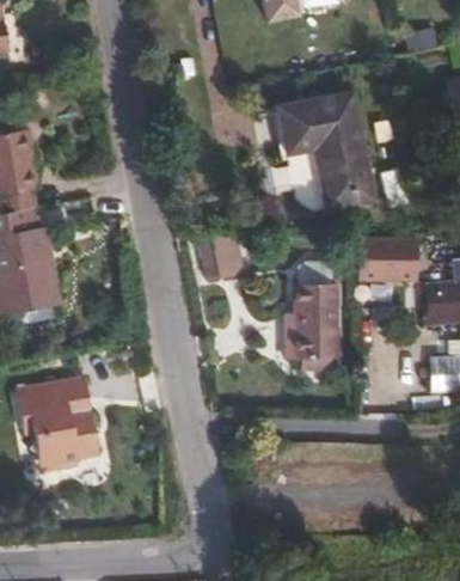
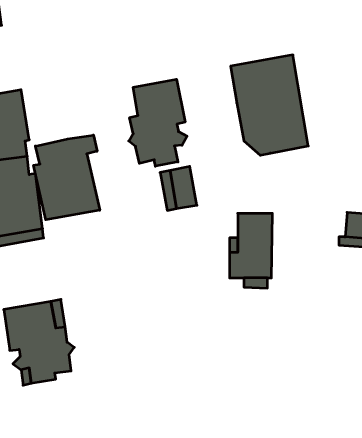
building: none -> [129,79,187,166]
building: none -> [34,135,100,220]
building: [379,232,413,269] -> none

